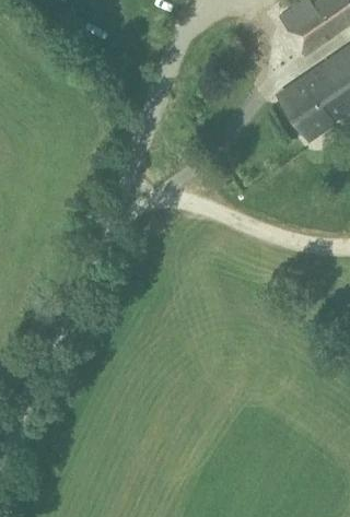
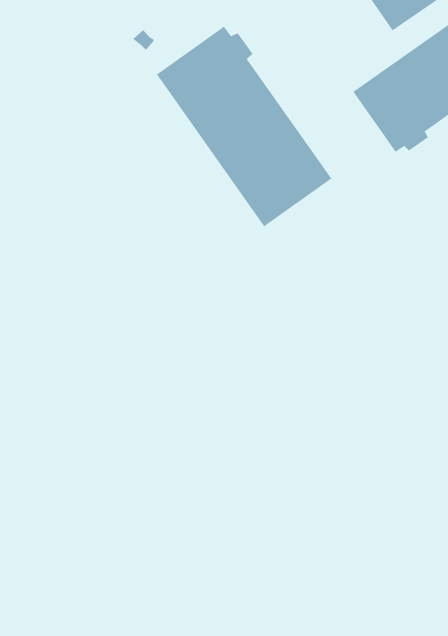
building: none -> [156,26,332,227]

